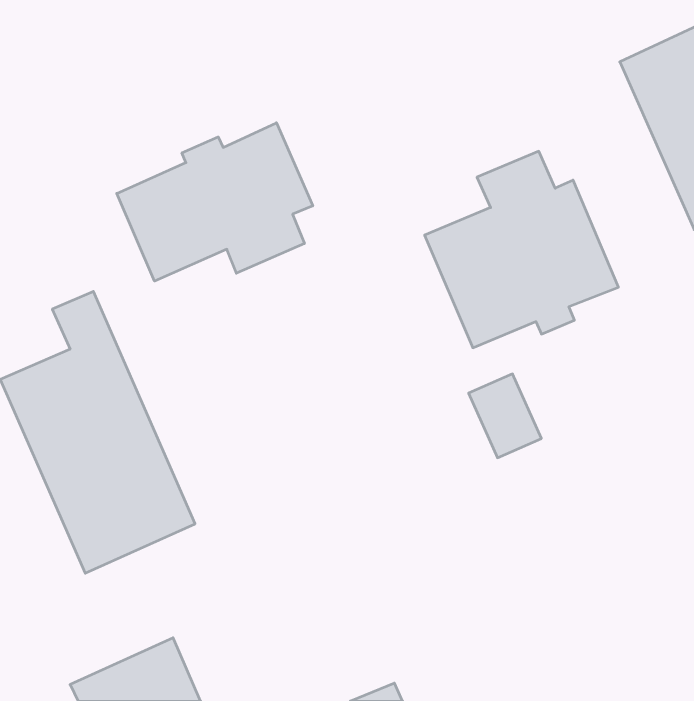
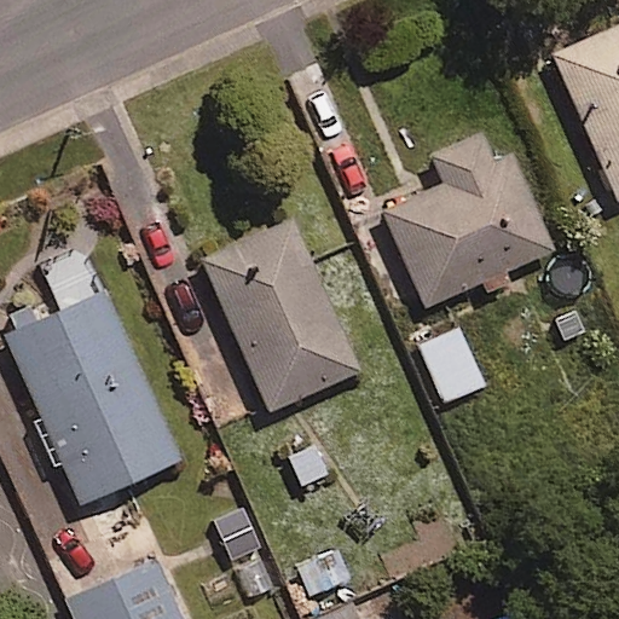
building: [117,123,313,281] -> none
building: none -> [201,220,359,412]

